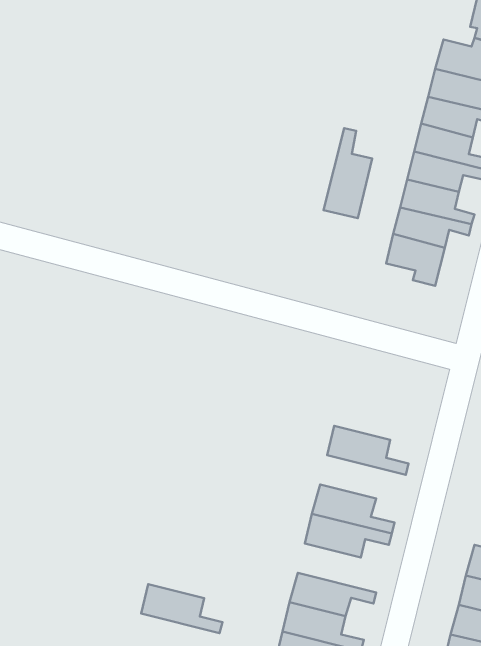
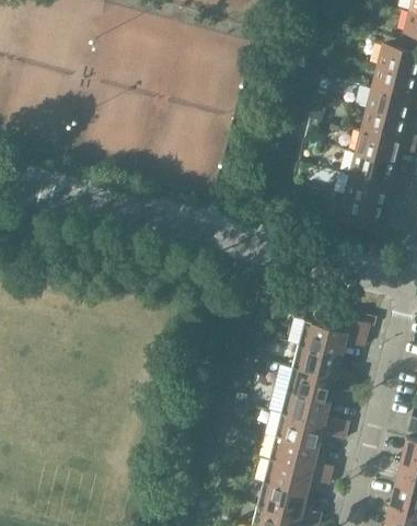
building: [324,128,372,218] -> none
building: none -> [298,314,369,355]
building: none -> [287,367,354,401]
building: [141,584,222,633] -> [269,436,333,475]

